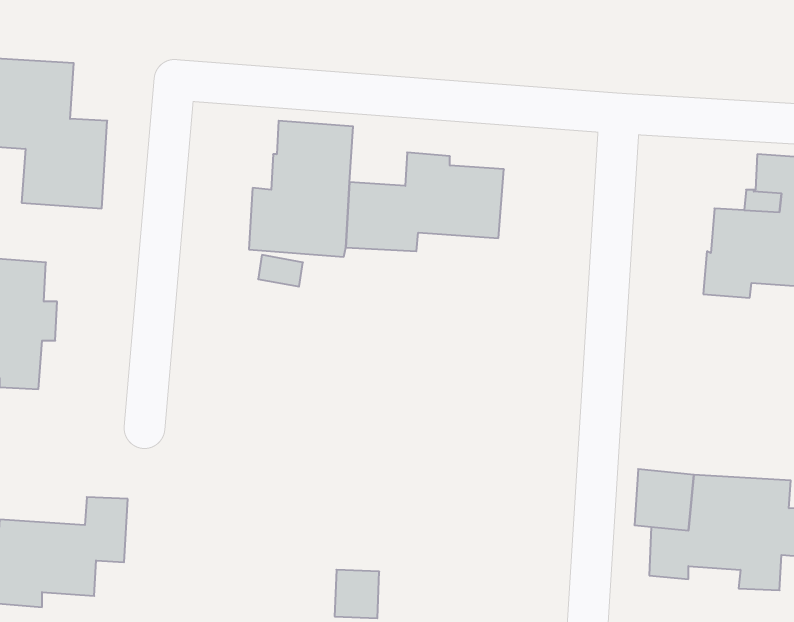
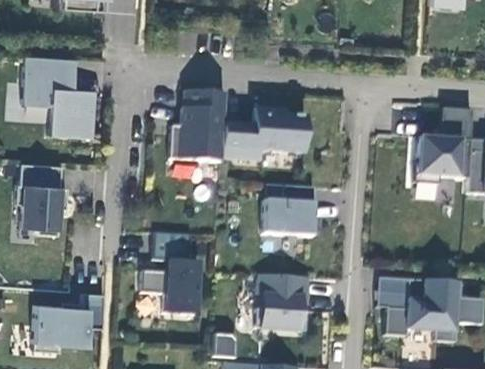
building: none -> [263,185,315,236]
building: none -> [141,231,199,314]
building: none -> [256,273,309,330]

